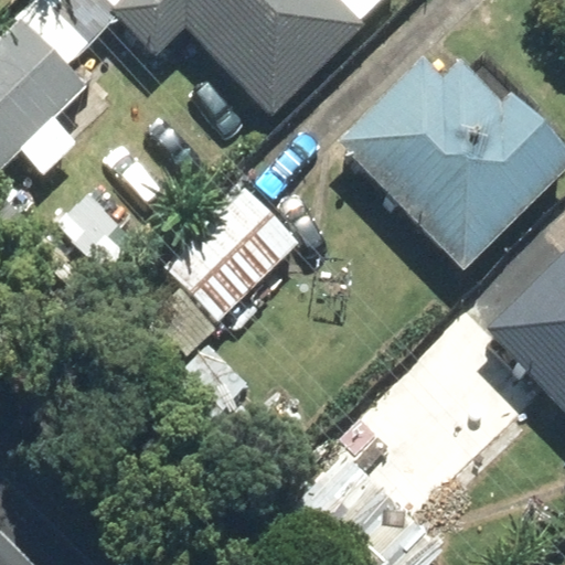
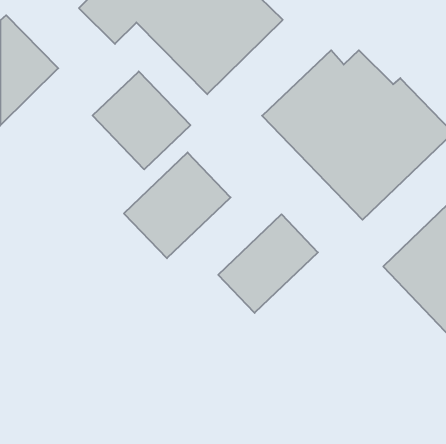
building: none -> [93,71,190,169]
building: none -> [218,214,318,313]

